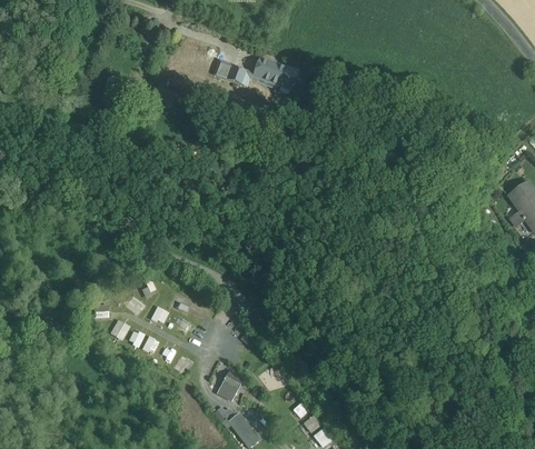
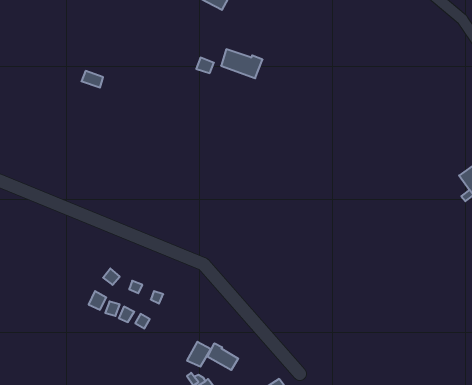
building: none -> [207,343,238,370]

